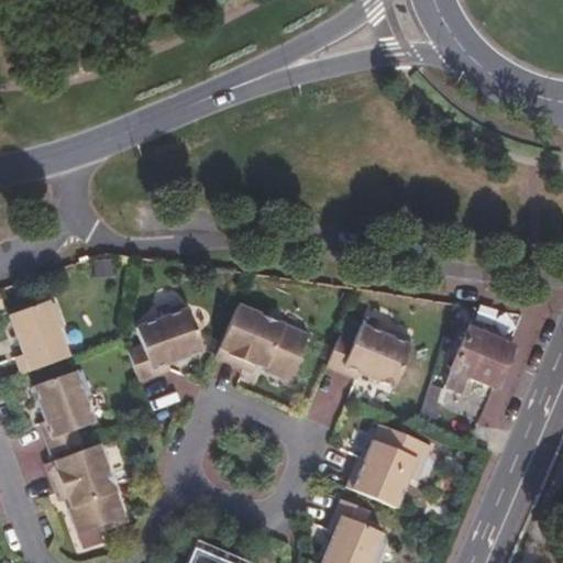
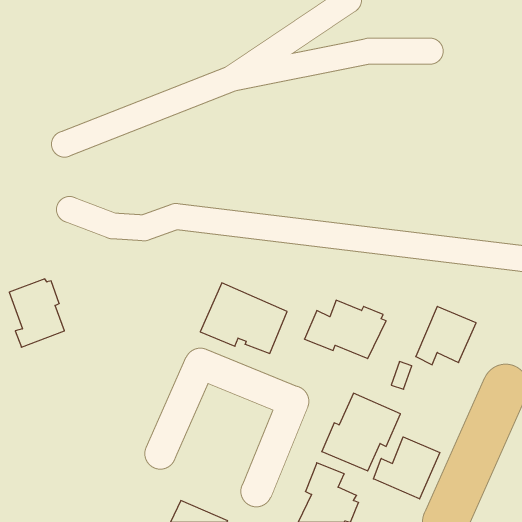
building: [129,303,205,380] -> none
building: [34,371,96,454] -> none
building: [46,444,125,533] -> none
building: none -> [373,437,440,499]

